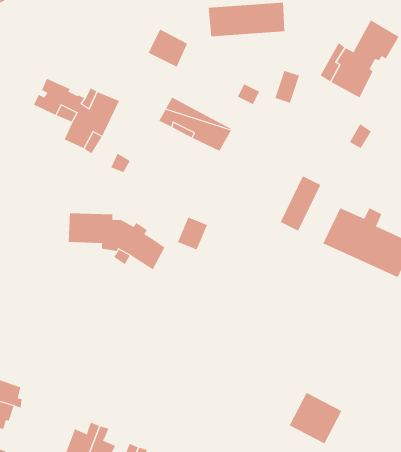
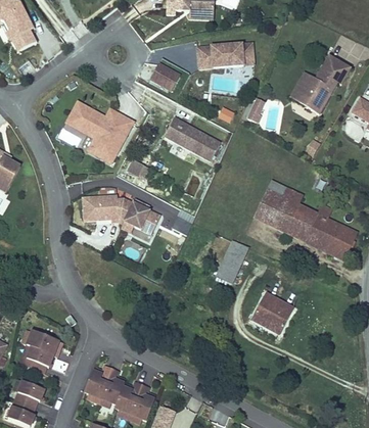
building: none -> [266,183,302,228]
building: none -> [215,239,244,279]
building: [289,392,342,444] -> [249,291,290,331]

